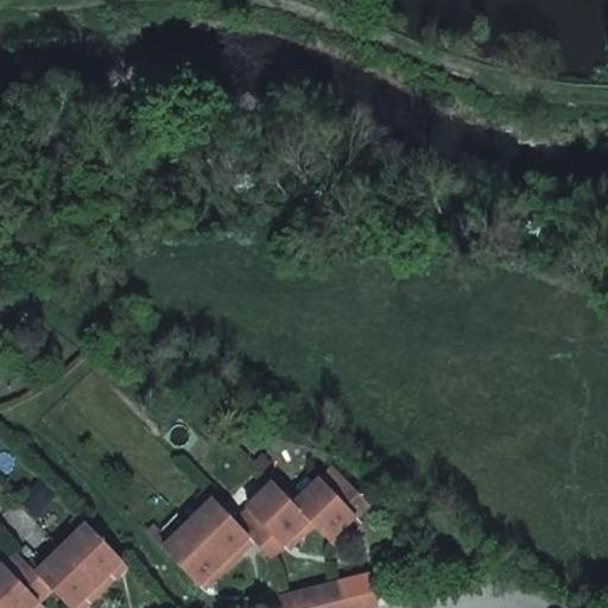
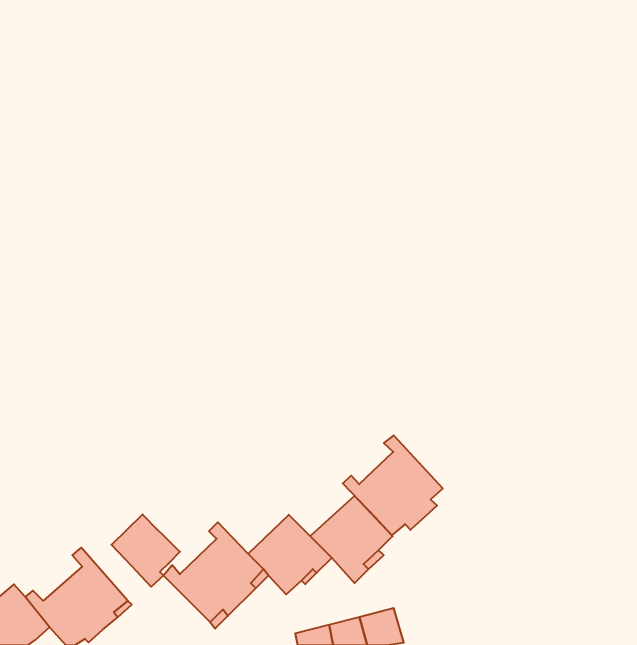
building: none -> [343,435,443,535]
building: none -> [111,514,180,587]

